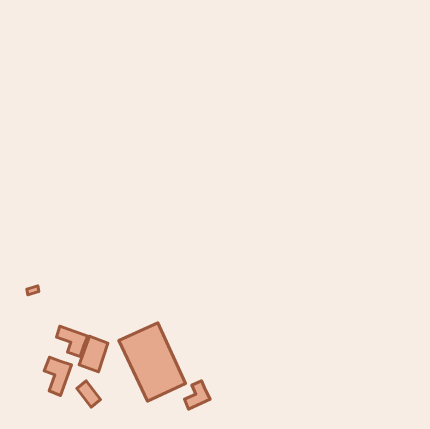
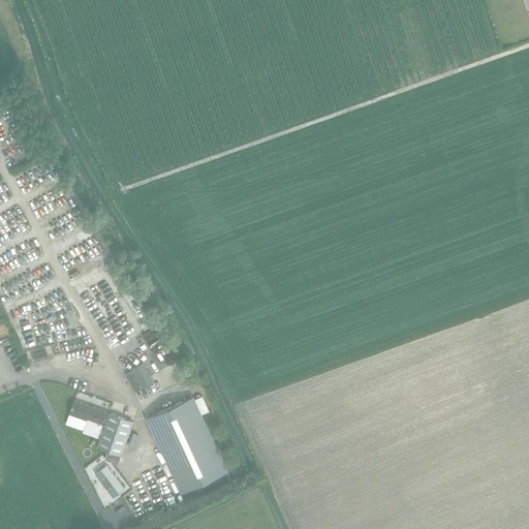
building: [44,357,72,396] -> none
building: [185,381,210,409] -> none

